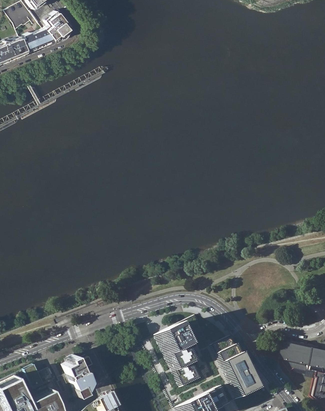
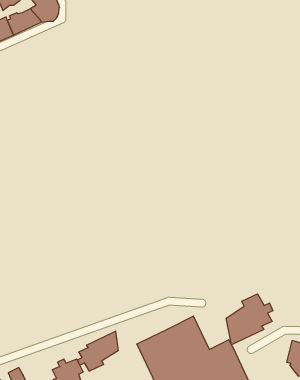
building: none -> [226,294,273,345]
building: none -> [77,331,118,371]

